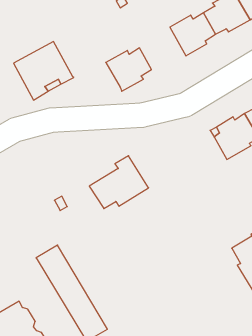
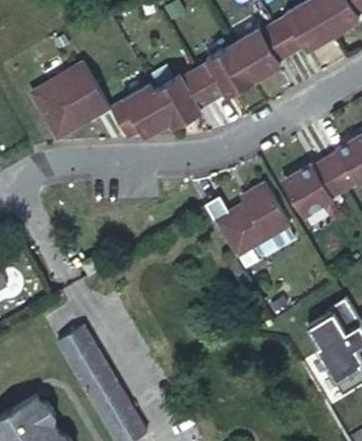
building: none -> [189,47,248,101]
building: none -> [105,85,165,140]
building: [89,156,149,209] -> [210,182,286,249]

